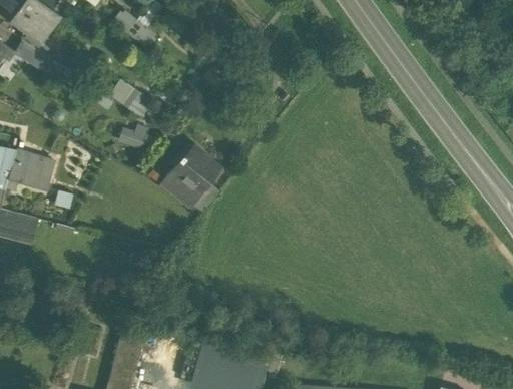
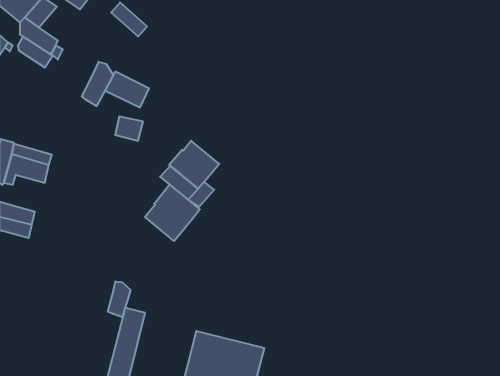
building: none -> [82,62,113,106]
building: none -> [145,184,200,241]
building: none -> [108,281,130,317]

